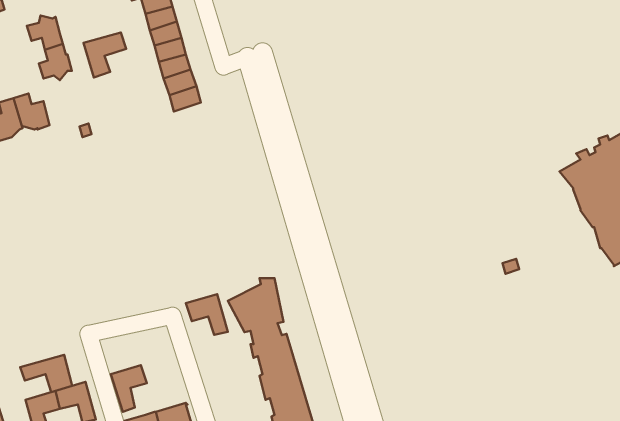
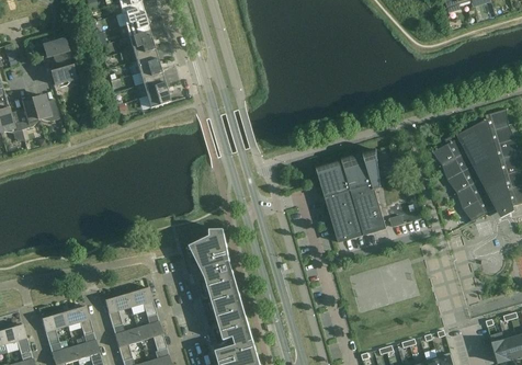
building: [84,32,126,78] -> none
building: none -> [316,149,386,241]
building: [186,294,228,335] -> [126,286,157,316]
building: [20,355,72,392] -> none

